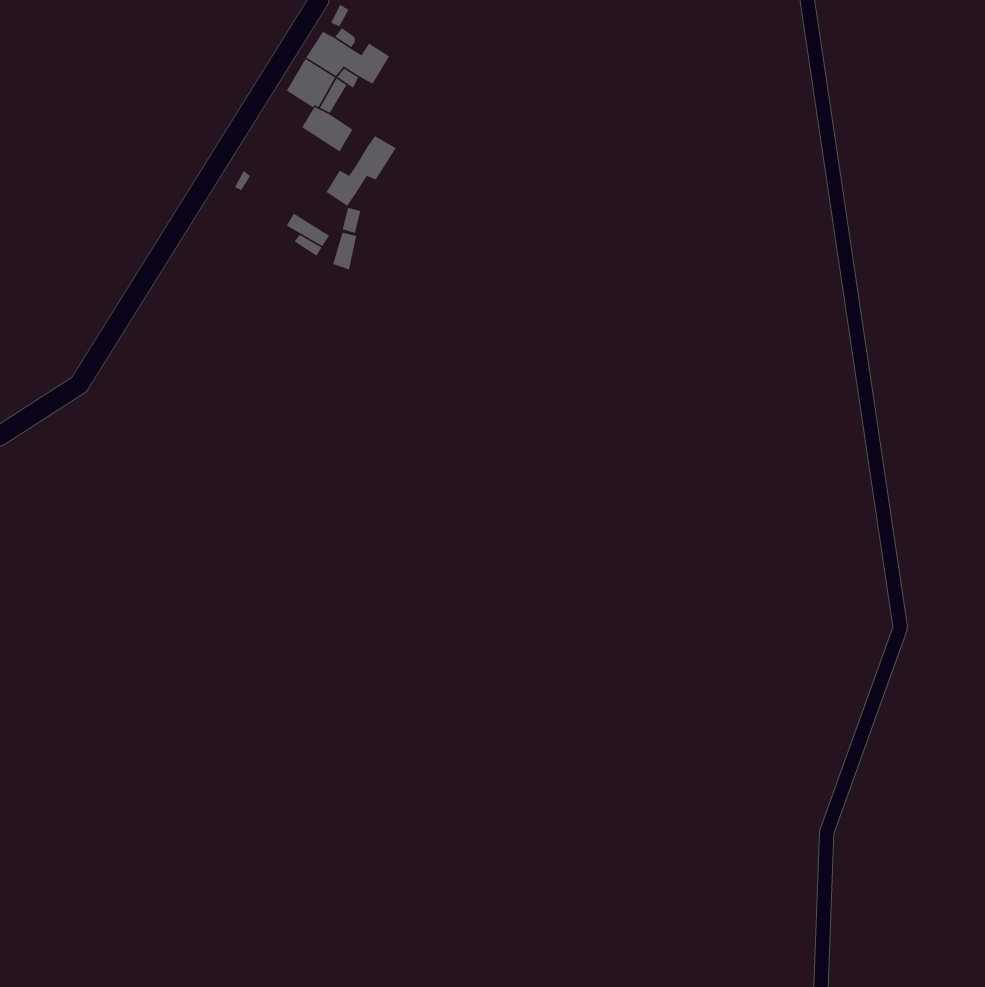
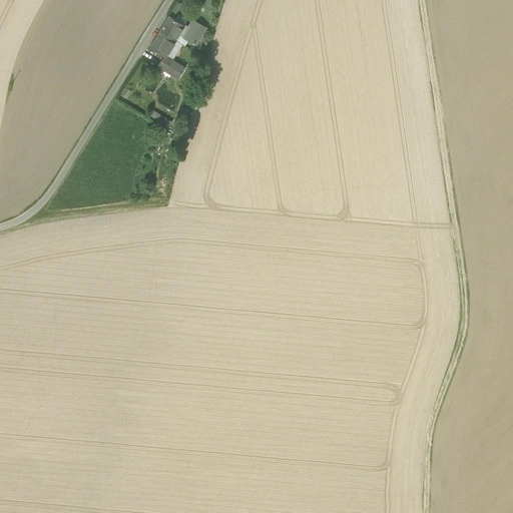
building: [325,135,397,207] -> none

